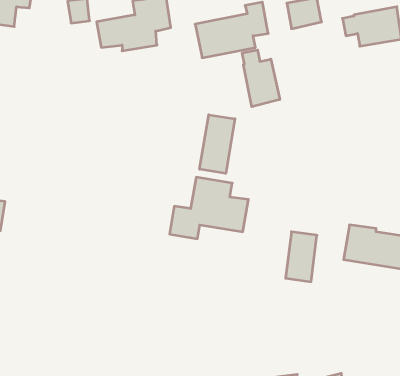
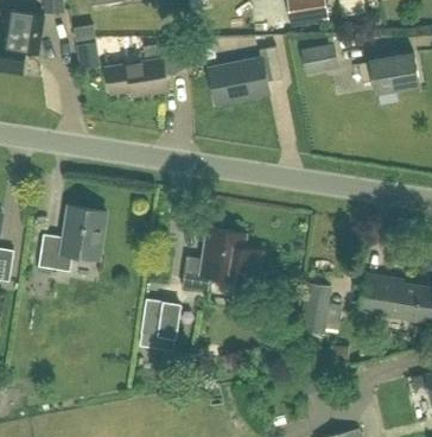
building: [242,50,280,107] -> none
building: [200,115,235,173] -> none
building: none -> [38,207,106,272]
building: none -> [142,299,180,337]

